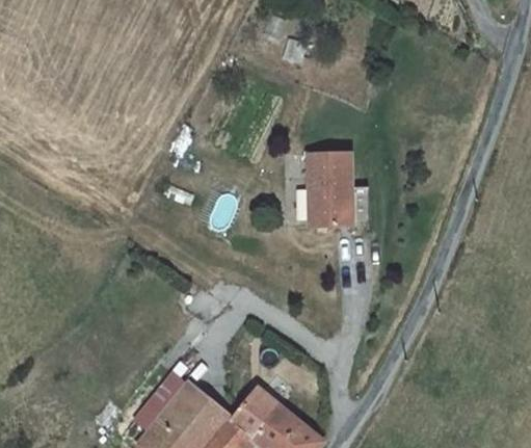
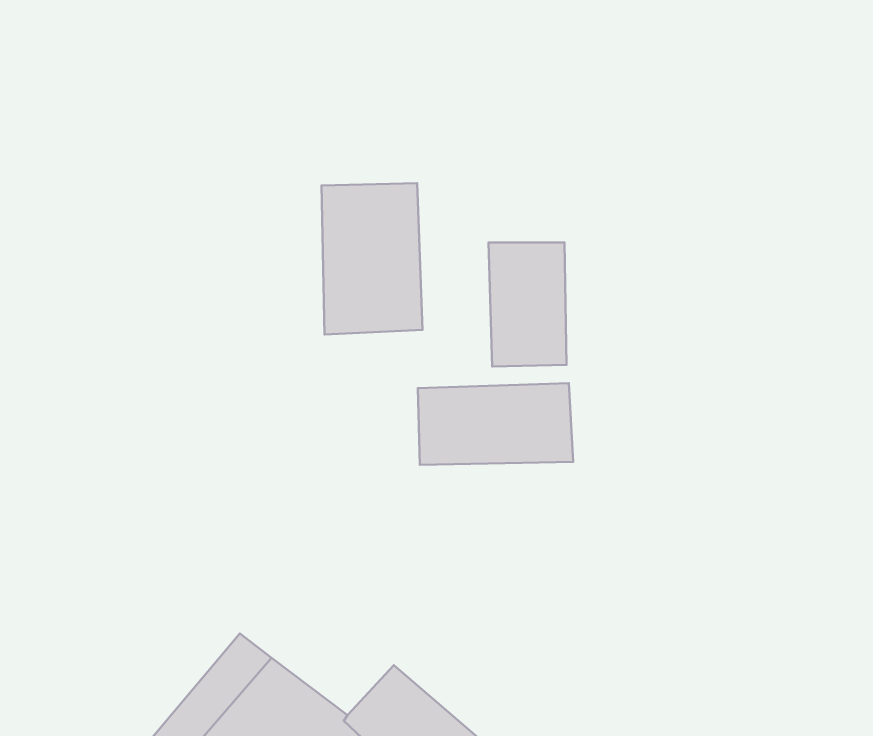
building: none -> [322,183,422,334]
building: none -> [418,383,573,465]

